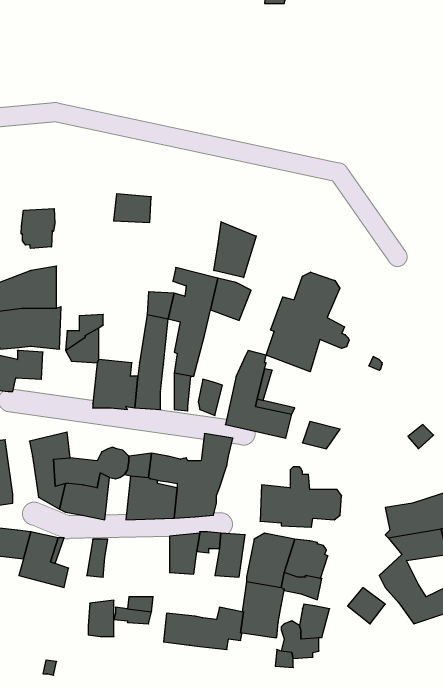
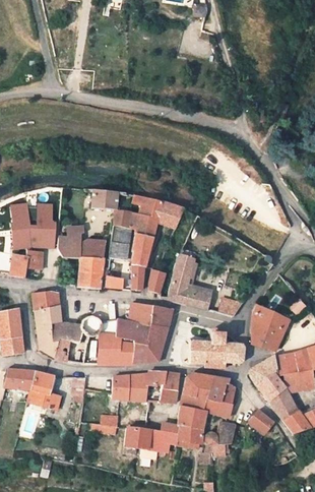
building: [114,194,151,222] -> [91,189,117,208]
building: [21,209,55,248] -> none
building: [214,222,256,278] -> none
building: [266,272,349,372] -> none
building: none -> [81,239,106,258]
building: none -> [33,291,60,311]
building: none -> [128,302,152,324]
building: none -> [252,306,289,351]
building: none -> [249,356,286,403]
building: [88,600,114,637] -> [112,375,129,399]

